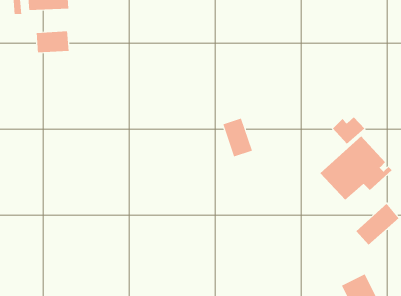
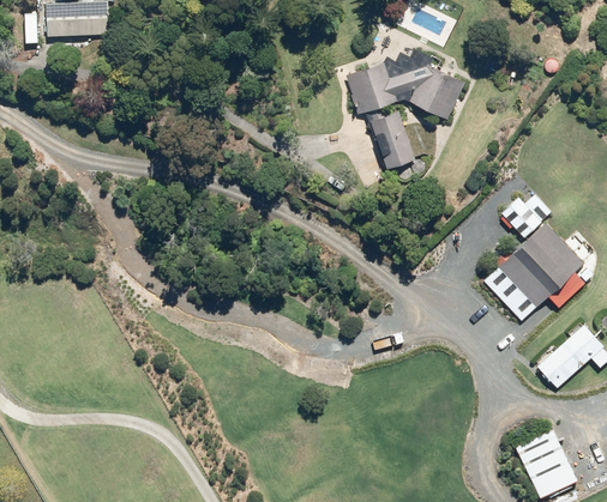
building: none -> [347,53,465,121]
building: [36,30,69,53] -> none
building: [222,118,253,157] -> [369,110,415,169]

